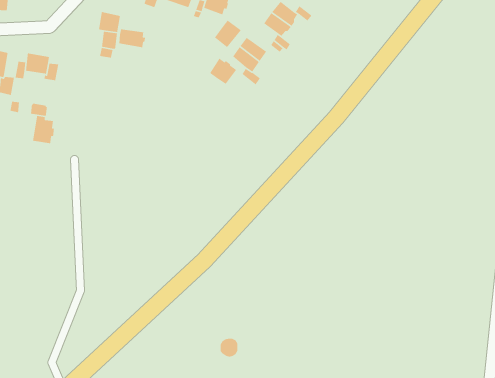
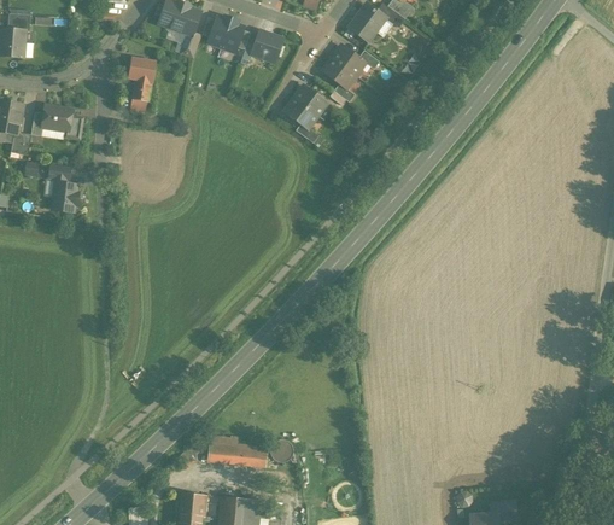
building: [213,19,242,48] -> none
building: [118,29,146,48] -> none
building: [209,58,237,85] -> none
building: none -> [207,442,268,466]

